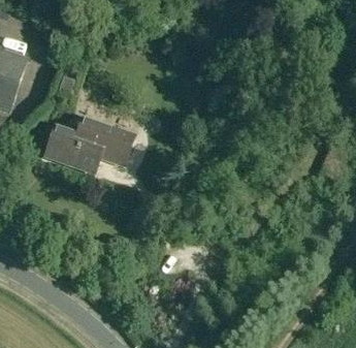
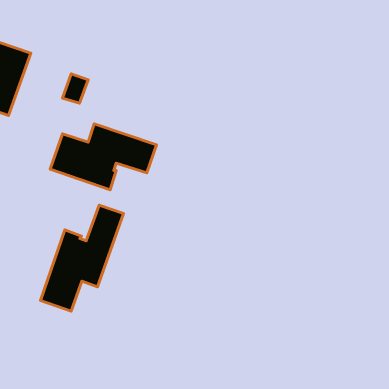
building: none -> [41,205,123,311]

